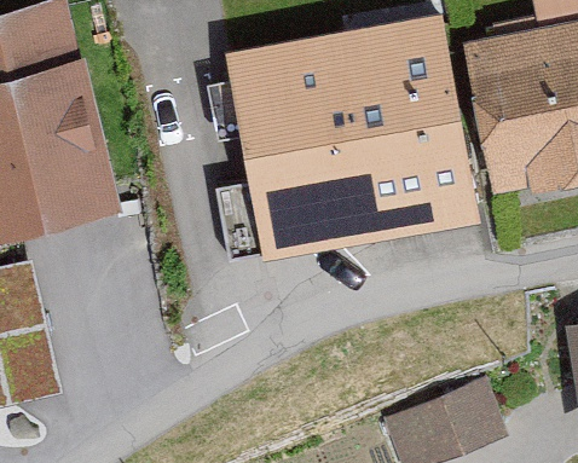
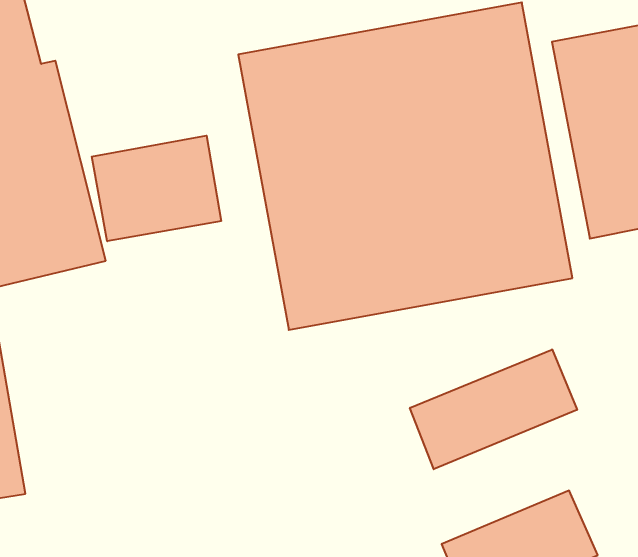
building: none -> [92,136,221,241]
building: none -> [410,349,577,469]

